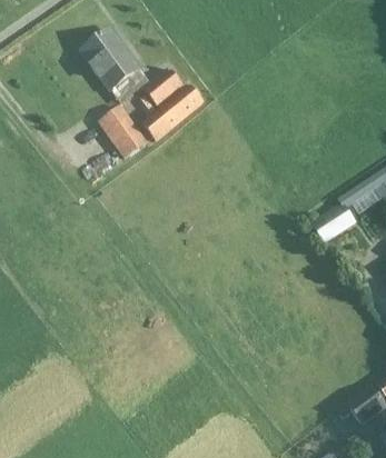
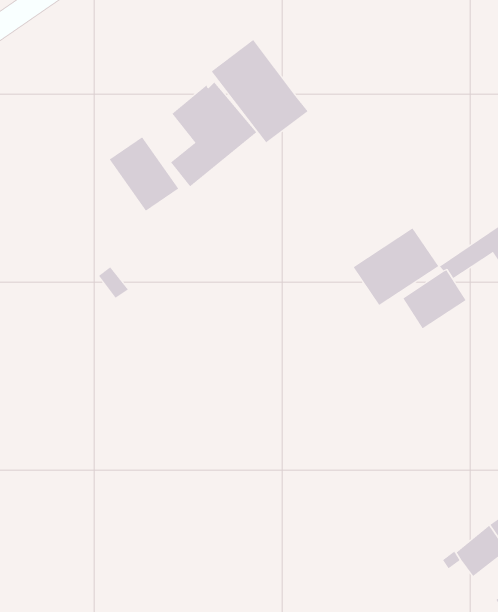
building: [80,28,151,103] -> [211,39,309,143]
building: none -> [353,228,439,306]

